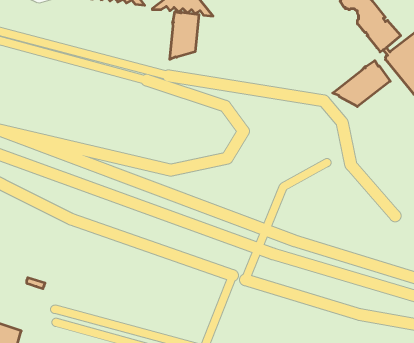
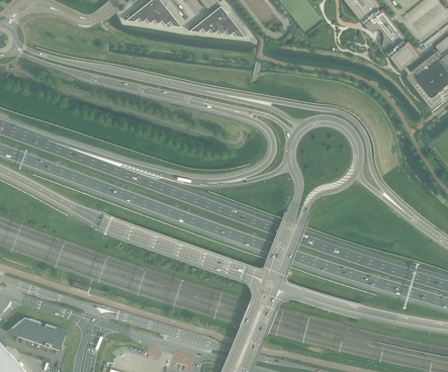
building: [170,12,199,59] -> none
building: [333,61,390,107] -> none

